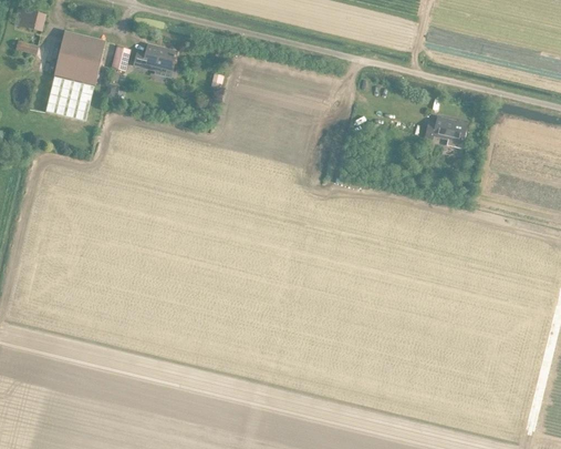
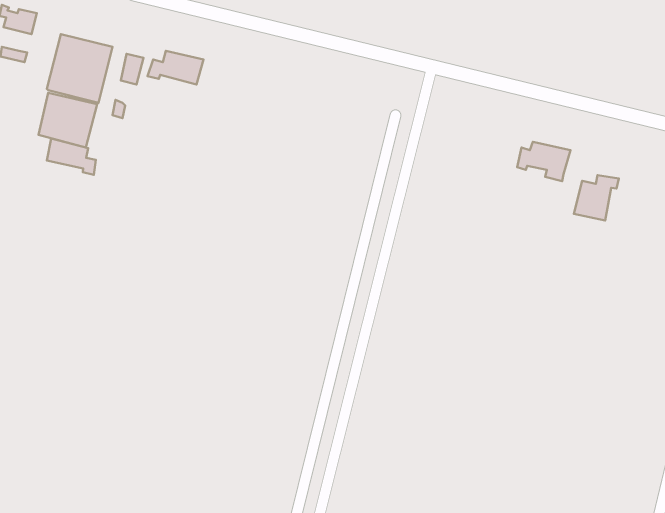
building: none -> [47,138,96,175]
building: none -> [574,175,619,220]

